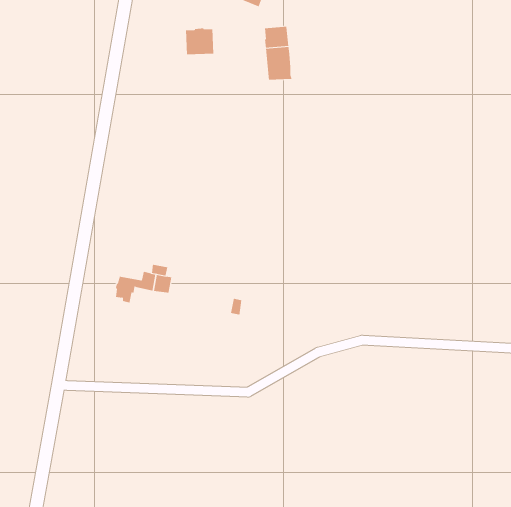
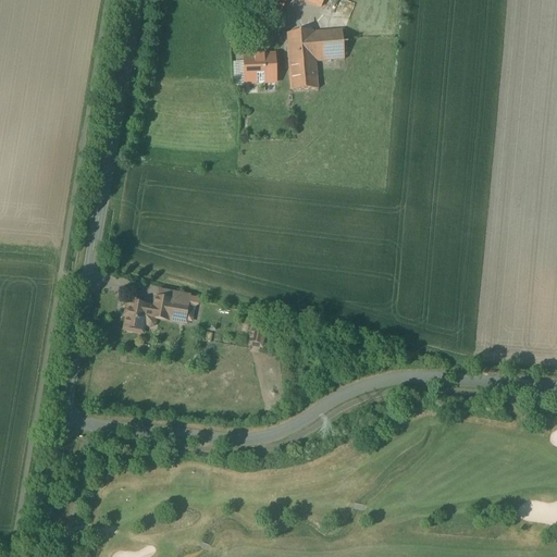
building: none -> [312,26,344,59]
building: [185,28,214,55] -> [244,51,275,81]

